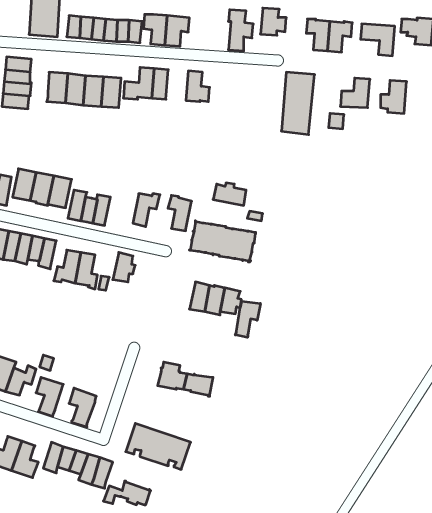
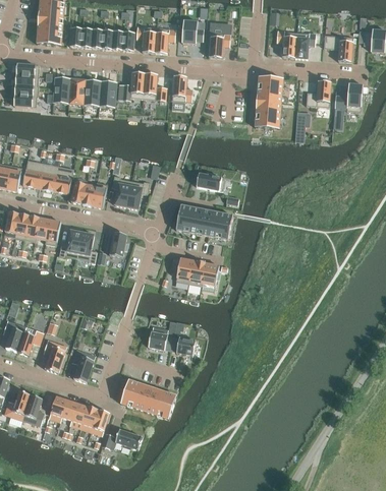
building: [260,8,286,35] -> [181,20,204,44]
building: [168,195,192,231] -> [111,176,131,206]
building: [235,301,260,337] -> none

